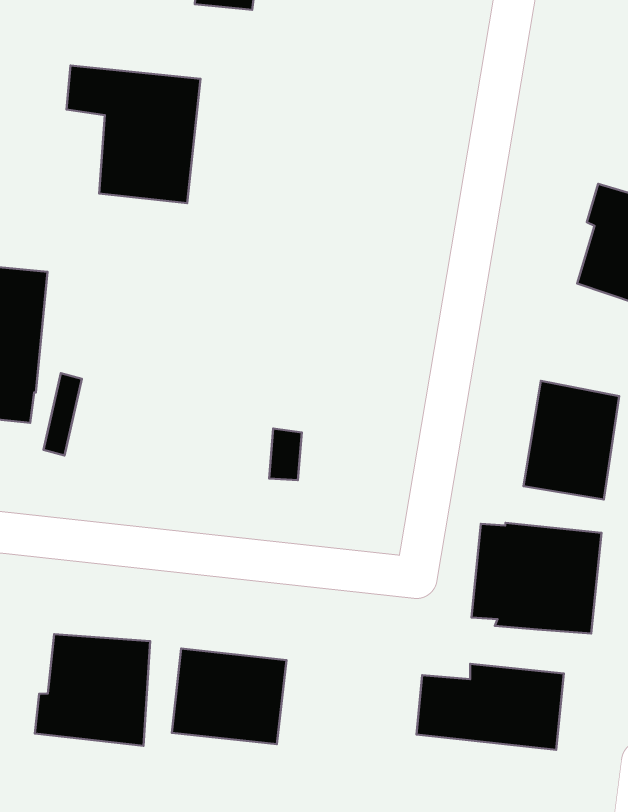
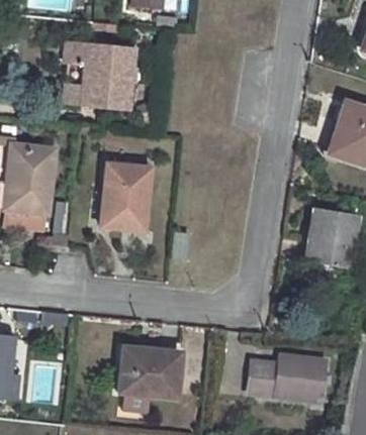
building: none -> [101,164,150,230]
building: [472,523,601,633] -> none
building: [35,634,150,746] -> none

